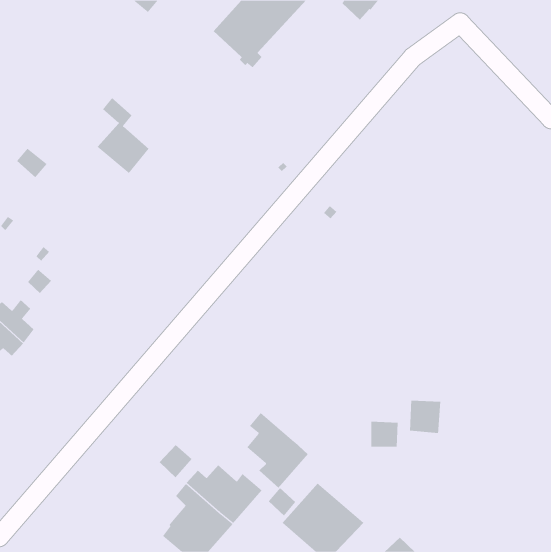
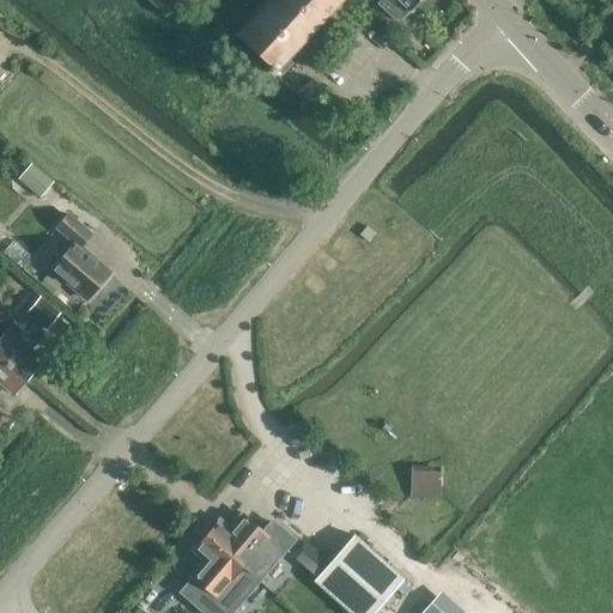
building: [97,97,150,174] -> [50,214,109,299]
building: [410,400,441,434] -> none
building: [247,412,309,489] -> none
building: [159,444,193,478] -> none

